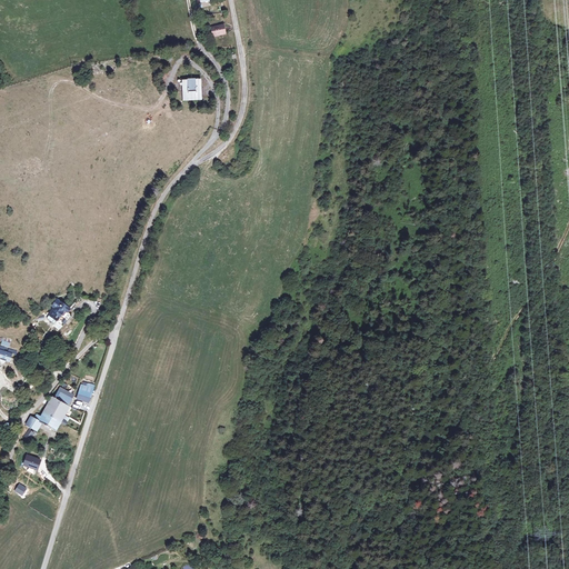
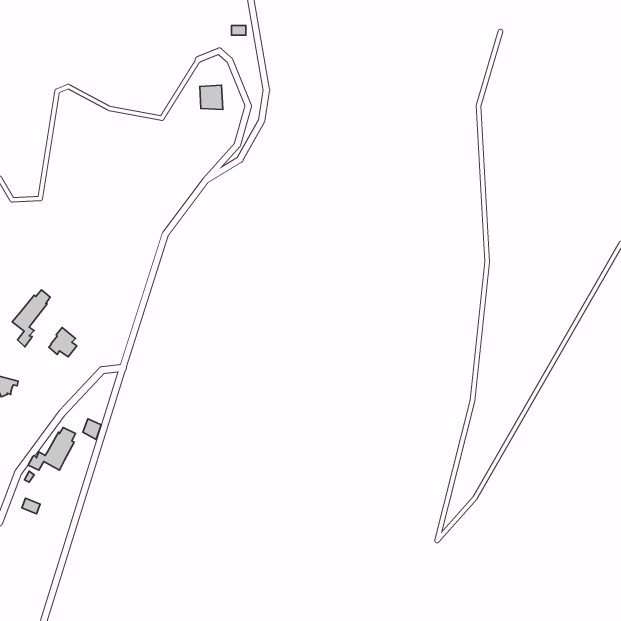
building: none -> [12,290,50,347]

